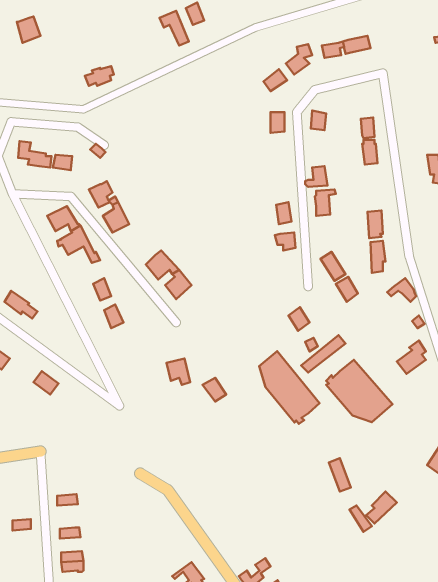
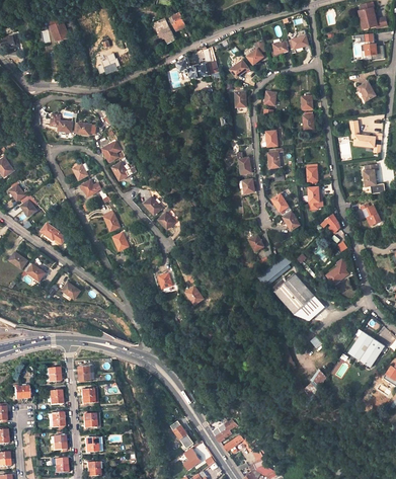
building: none -> [176,47,218,77]
building: [259,351,320,424] -> none

